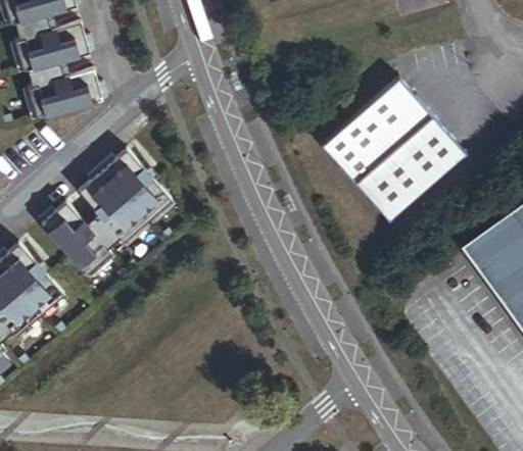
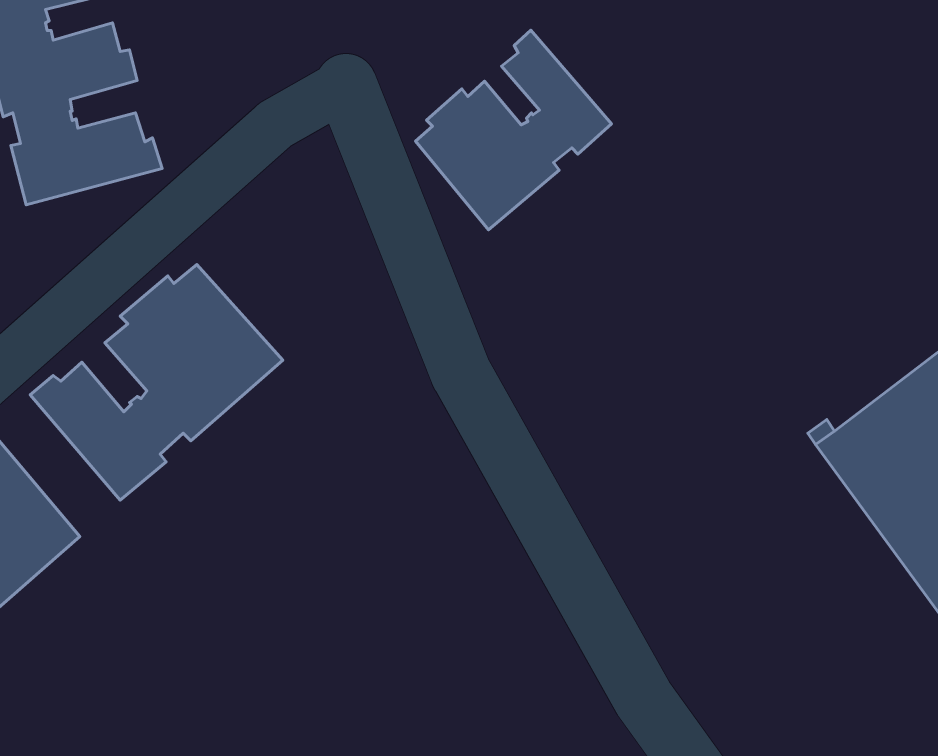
building: none -> [416,30,611,230]
building: [324,77,469,221] -> none

